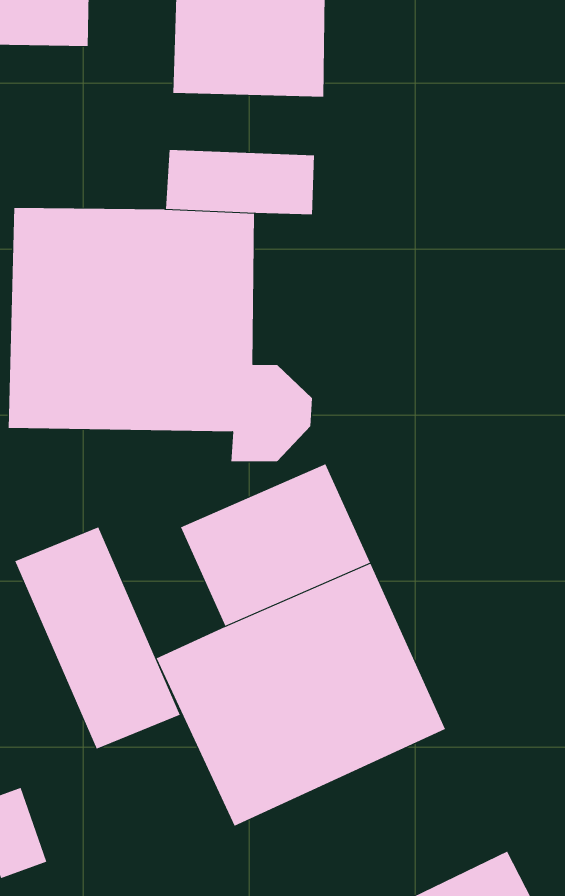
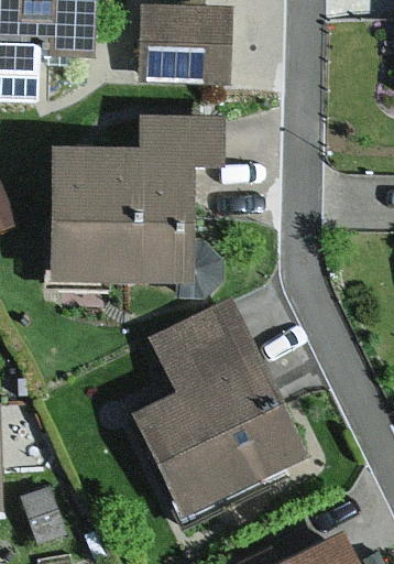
building: [14,526,181,749] -> none

